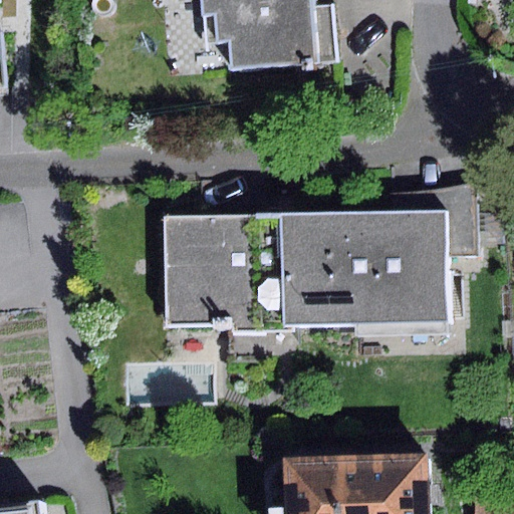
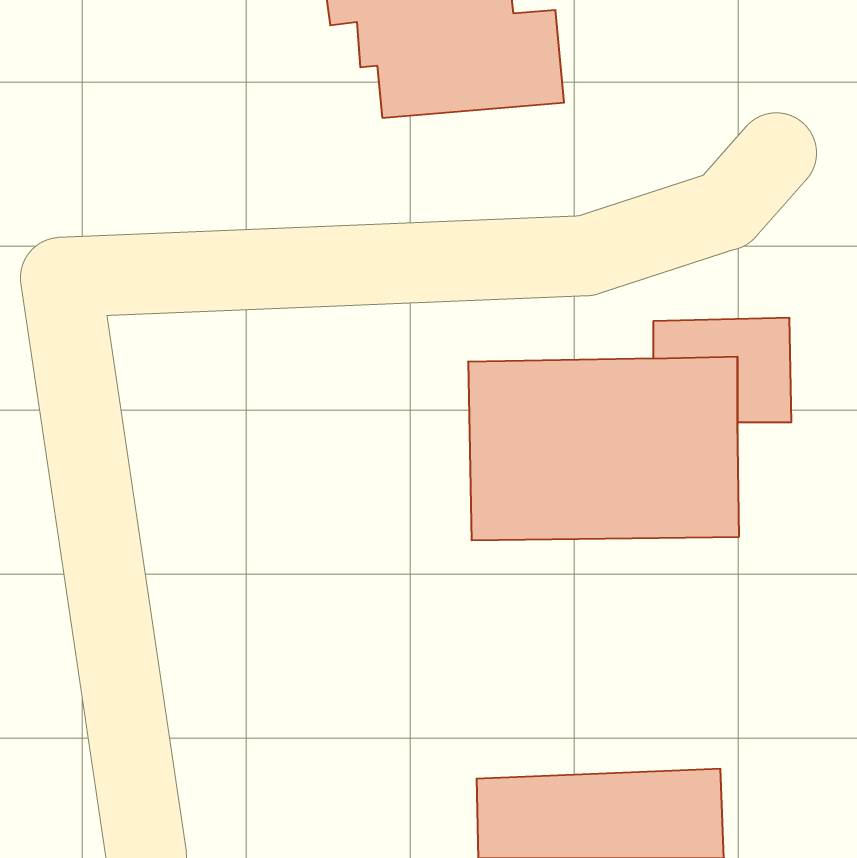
building: [165,216,282,333] -> none

